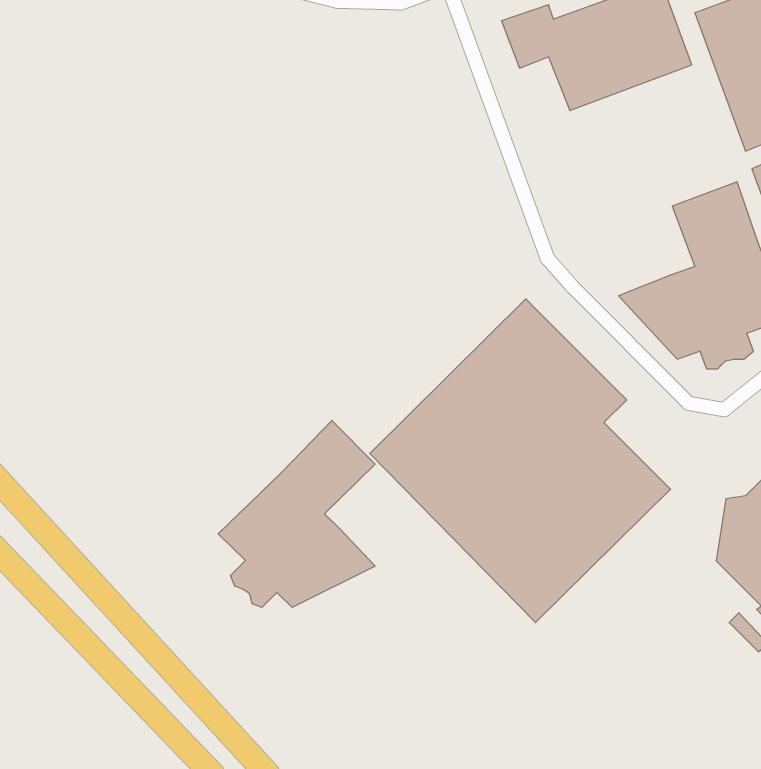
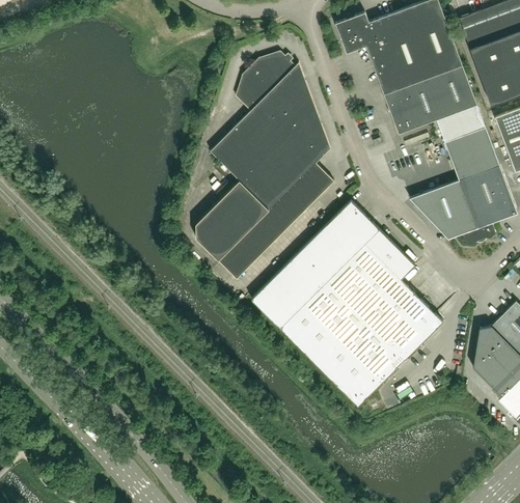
building: none -> [195,51,334,278]
building: none -> [379,51,486,141]
building: [218,420,375,607] -> none

